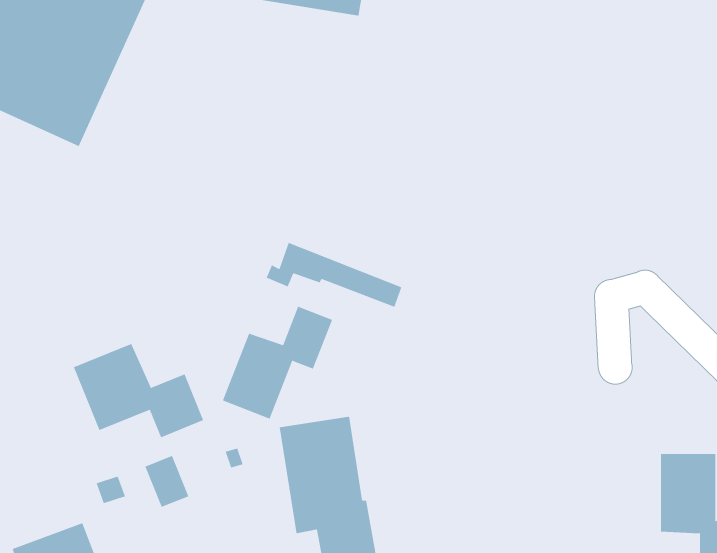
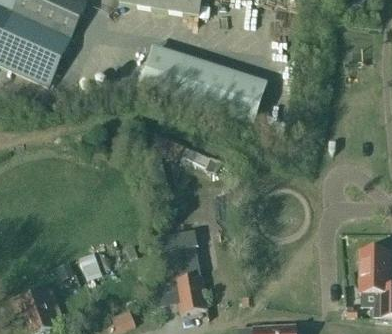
building: none -> [139,49,266,124]
building: [222,306,333,419] -> none
building: [73,343,204,438] -> none

